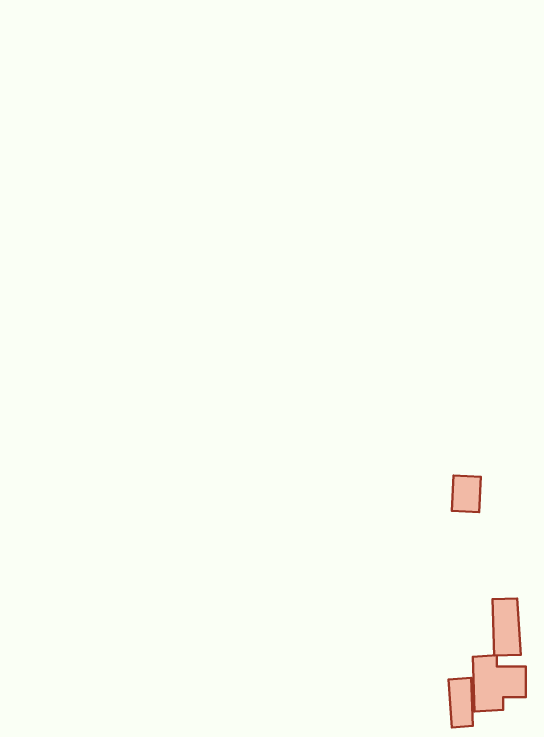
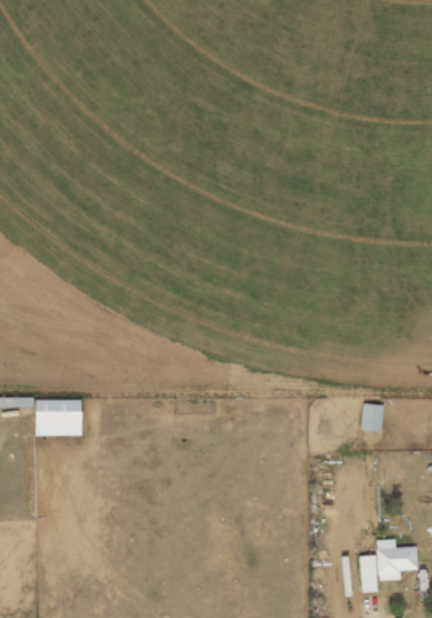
building: none -> [35,409,82,435]
building: [493,599,521,655] -> none

